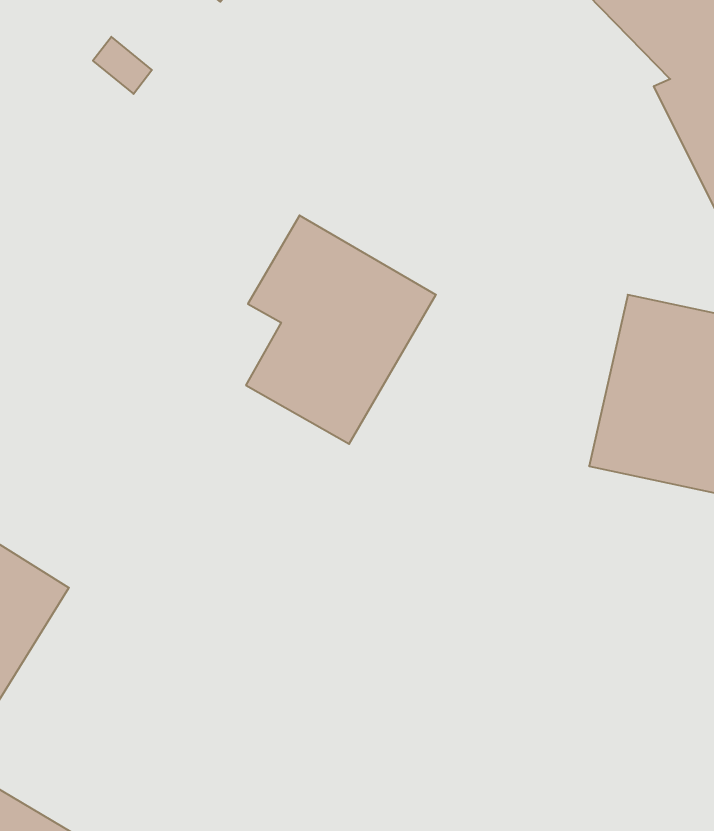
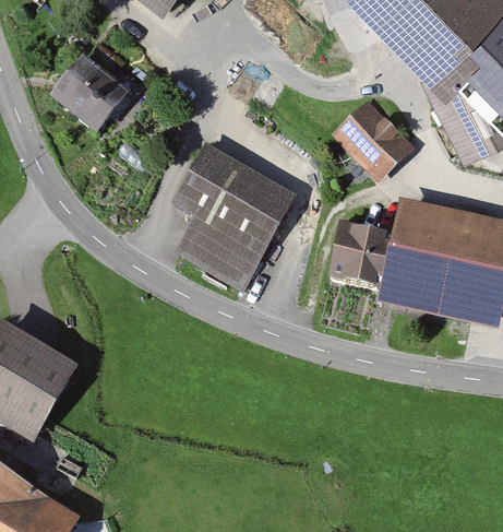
building: none -> [50,56,130,135]
building: none -> [331,99,417,185]
building: none -> [330,220,391,284]

